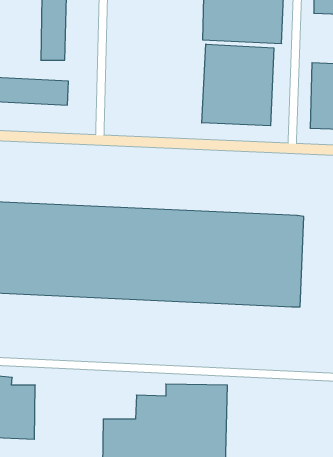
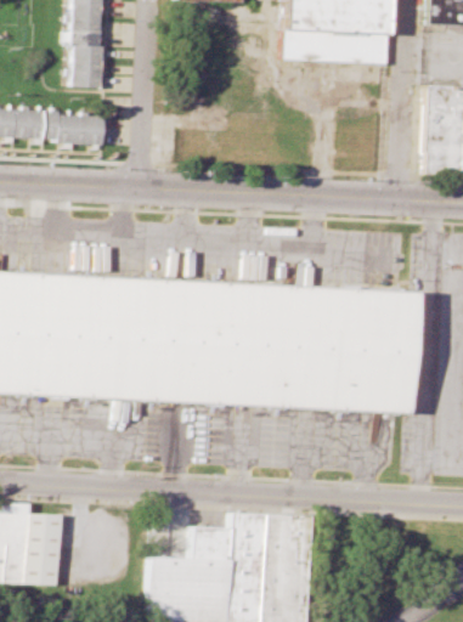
building: [202,44,274,126] -> none

